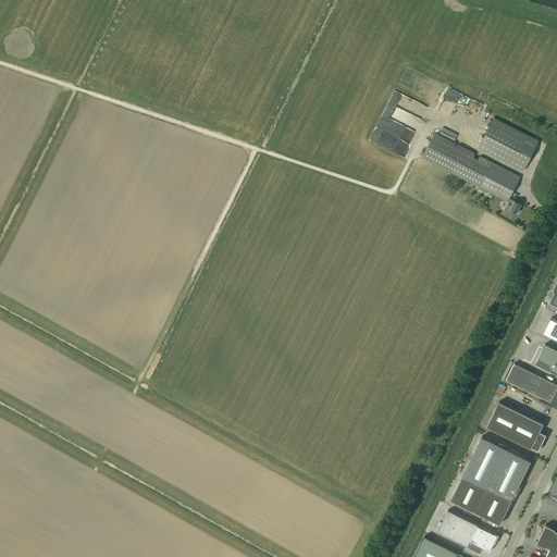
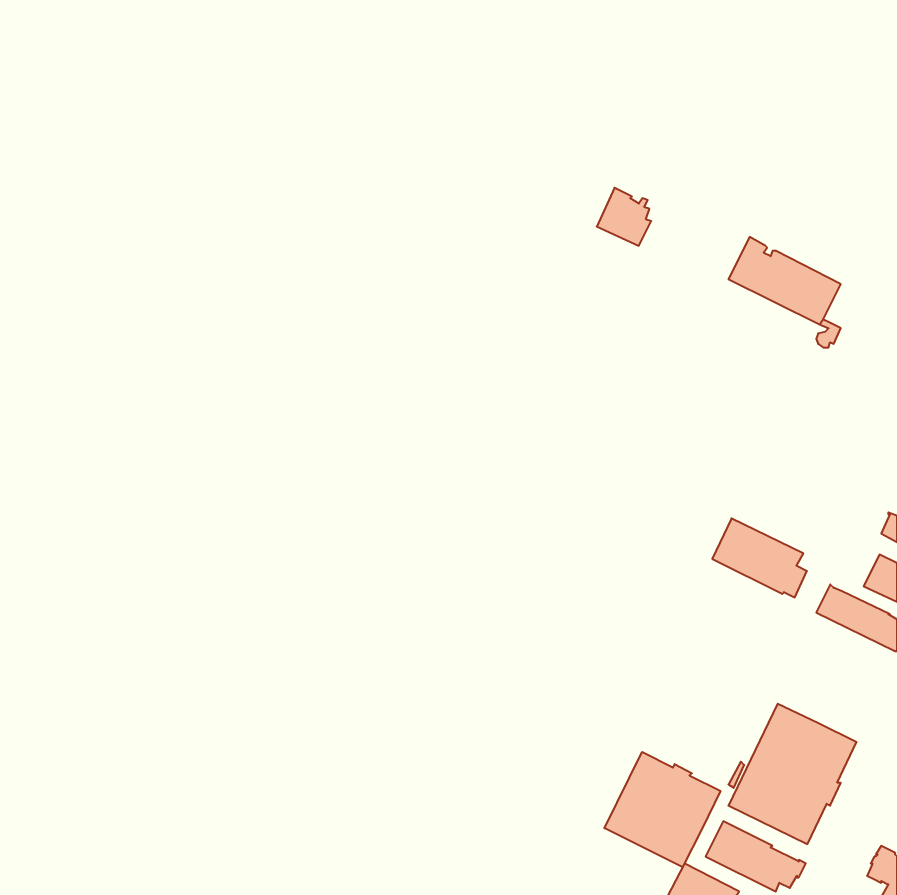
building: [479,119,540,172] -> none
building: [422,133,465,174] -> none
building: [487,403,546,451] -> [712,518,807,597]
building: none -> [604,752,720,867]

